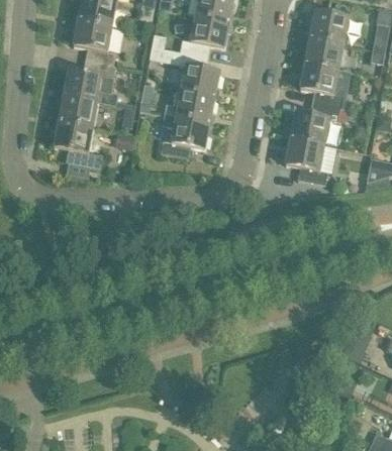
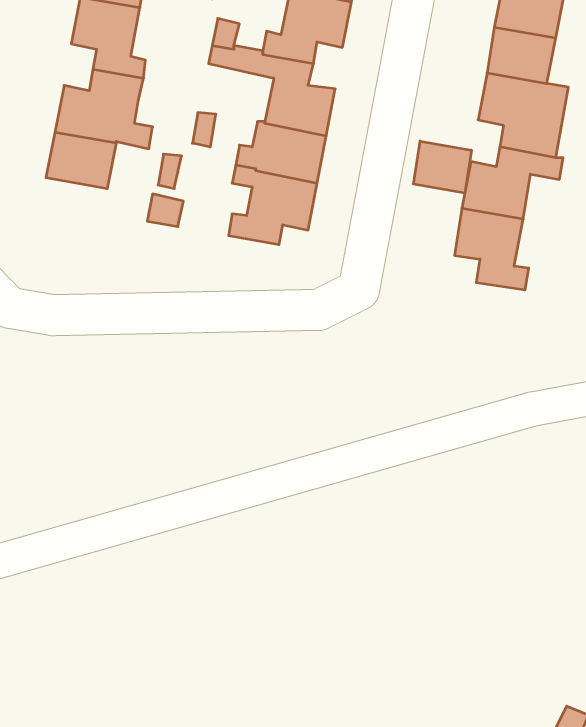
building: none -> [413,141,471,193]
building: [55,121,103,168] -> none

